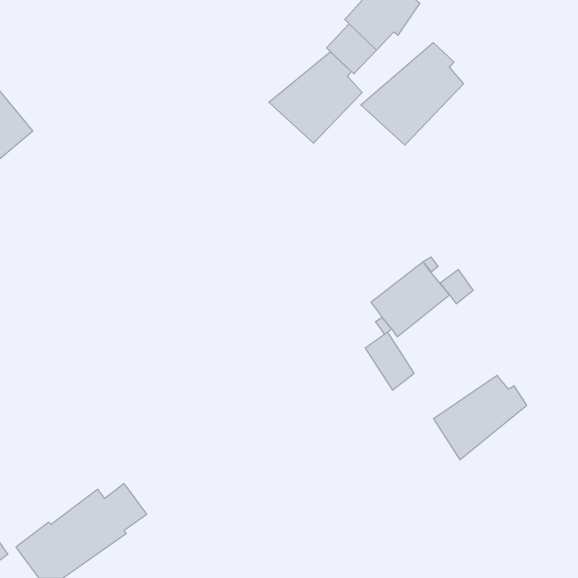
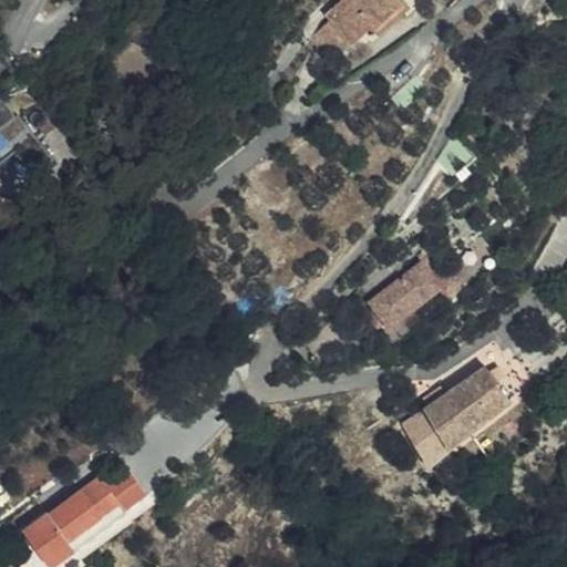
building: [361,43,464,145] -> none
building: [269,52,362,143] -> none
building: [365,332,414,390] -> [400,408,447,464]

